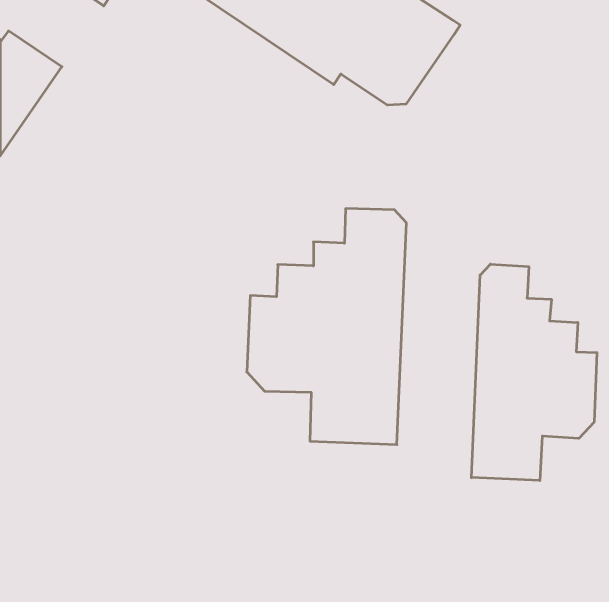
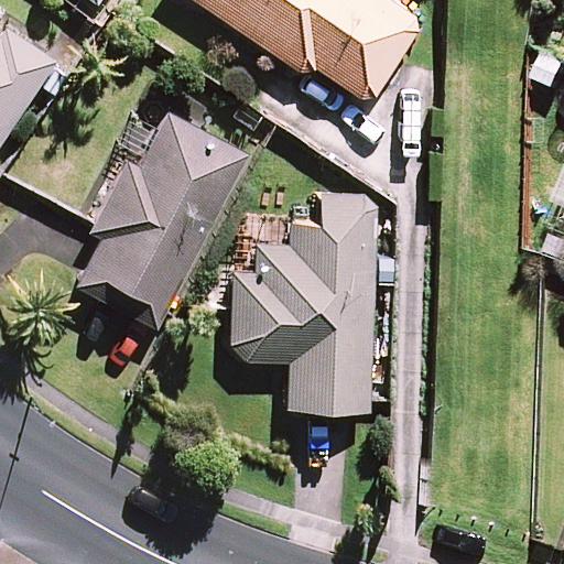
building: none -> [75,111,248,327]
building: [471,264,597,481] -> none

